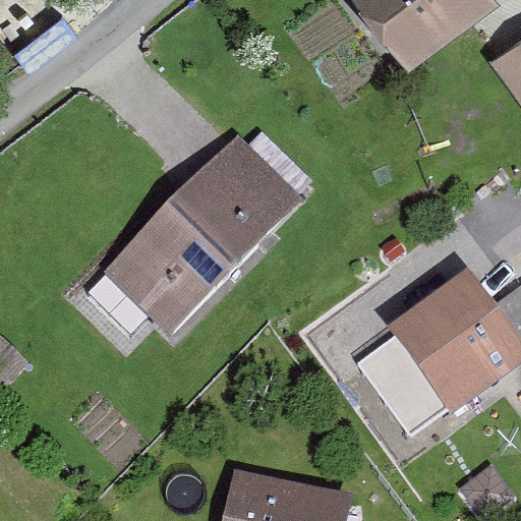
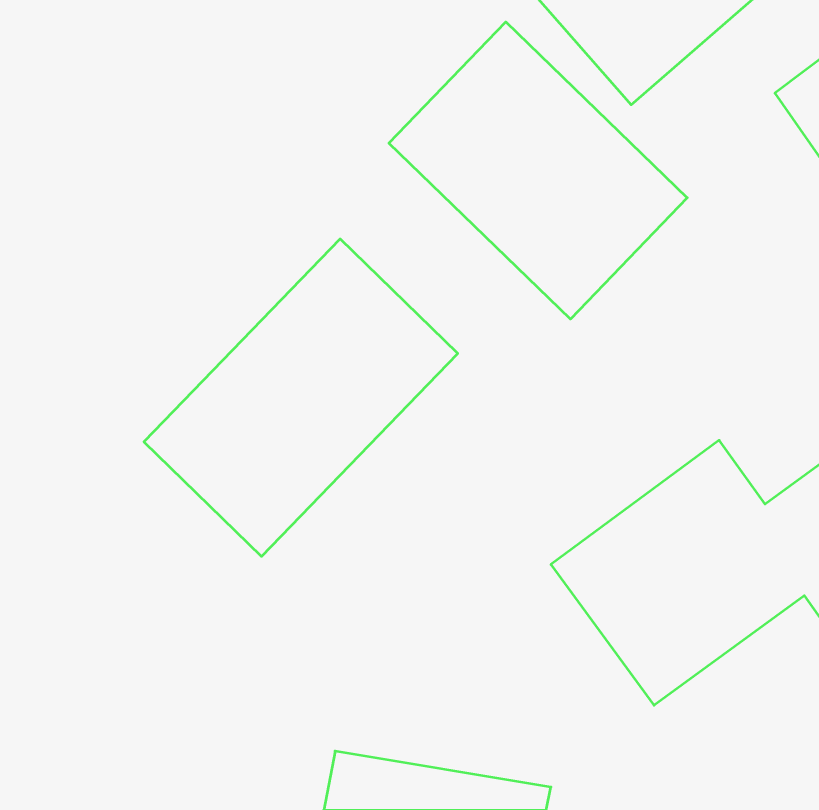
building: none -> [389,22,687,319]

